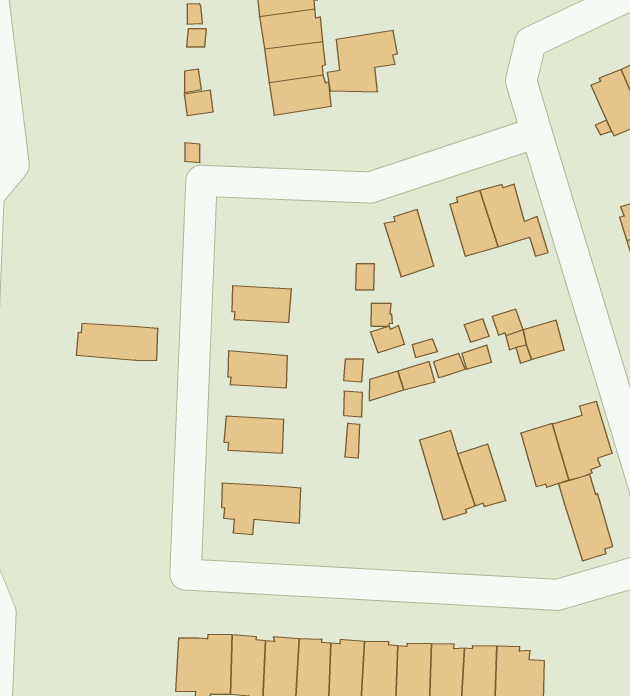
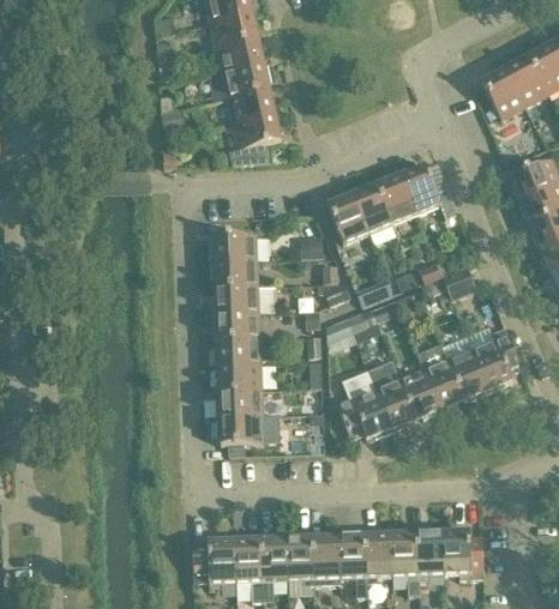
building: [327,31,397,92] -> [229,114,283,165]
building: none -> [353,183,393,233]
building: none -> [212,234,259,261]
building: [76,324,158,360] -> [214,287,277,313]
building: none -> [215,338,262,364]
building: none -> [338,370,393,439]
building: none -> [217,390,264,417]
building: [558,474,613,561] -> [417,344,464,412]

